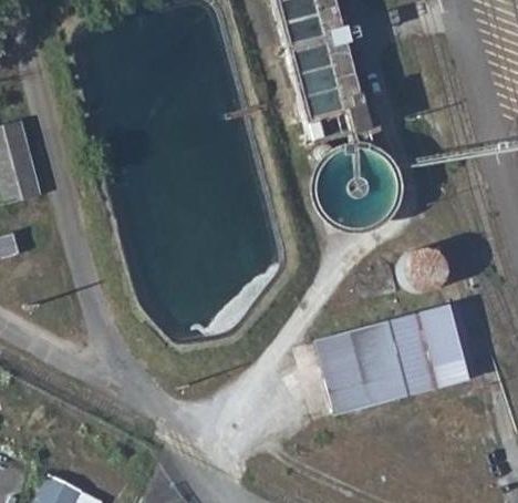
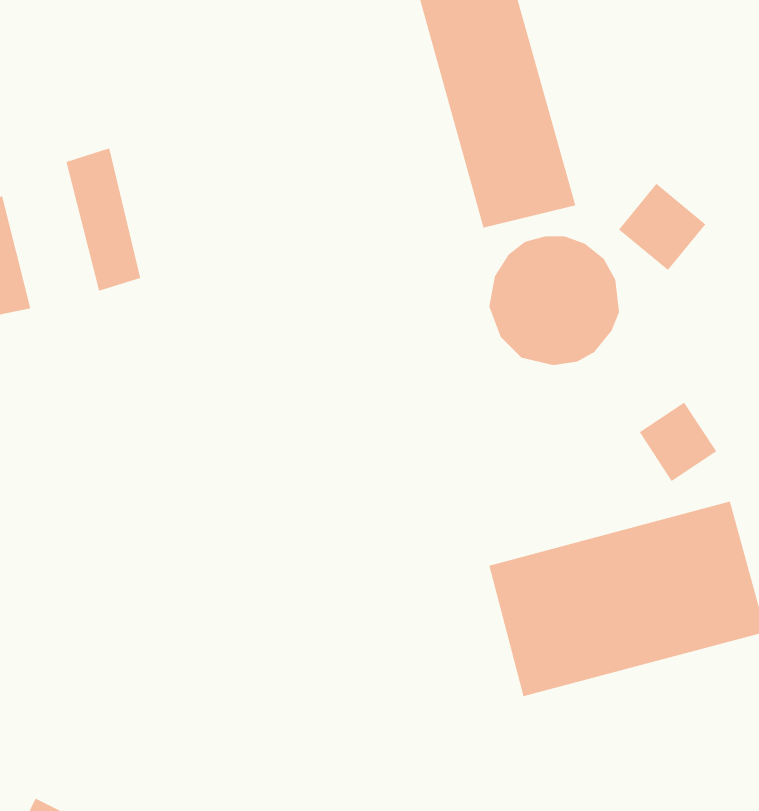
building: none -> [66,147,141,292]
building: none -> [618,183,706,271]

